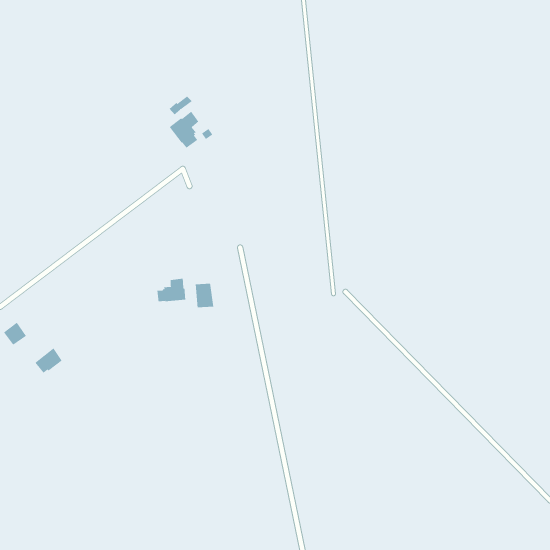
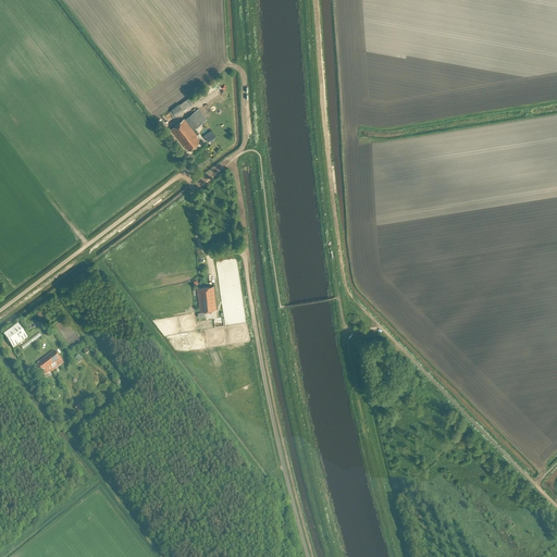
building: [157,278,186,302] -> none

